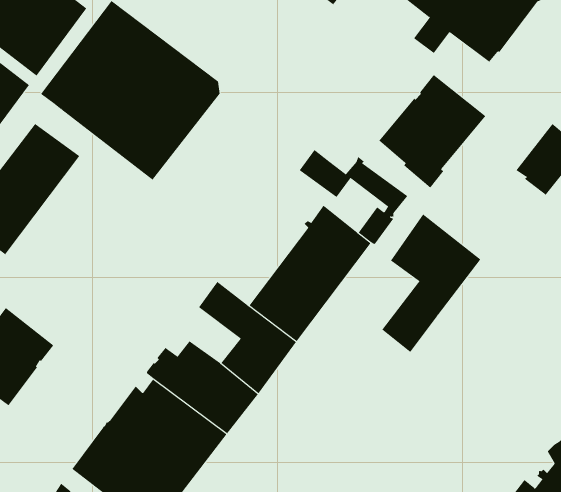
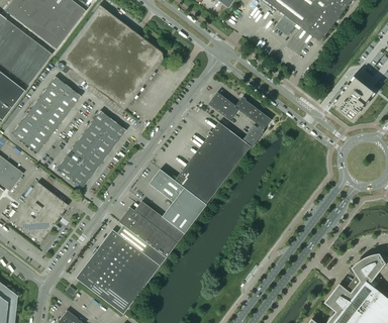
building: [378,74,486,188] -> none
building: none -> [57,111,125,188]
building: [382,214,481,353] -> none

